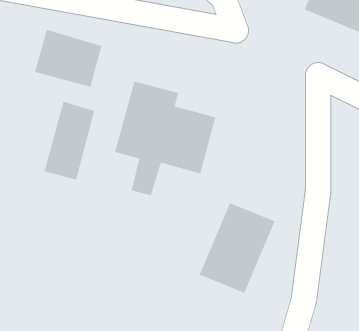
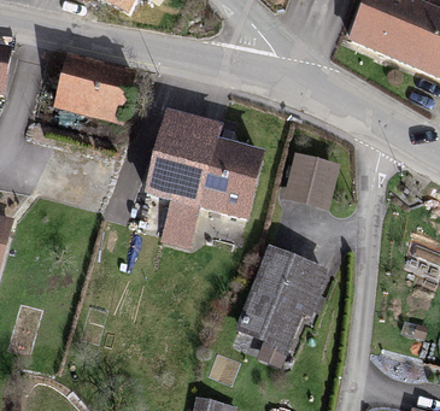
building: [44,101,95,180] -> none
building: none -> [287,155,335,202]

